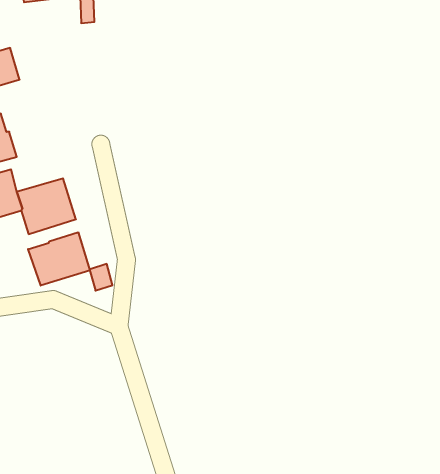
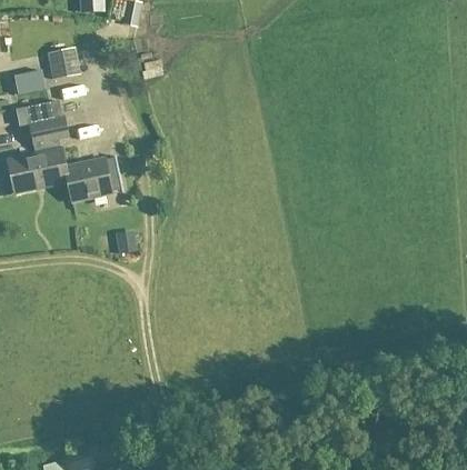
building: [28,232,90,286] -> none

